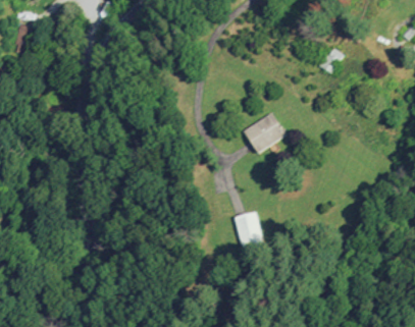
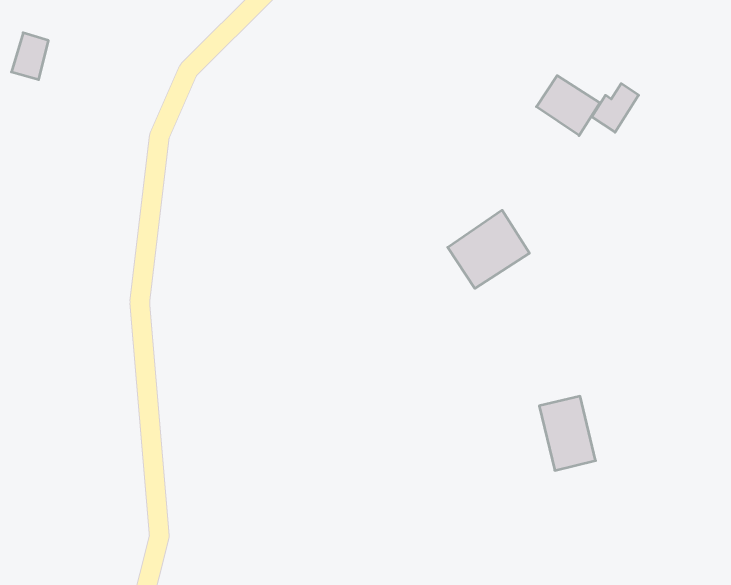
building: none -> [536,76,600,136]
building: [235,212,264,251] -> [539,396,596,470]

